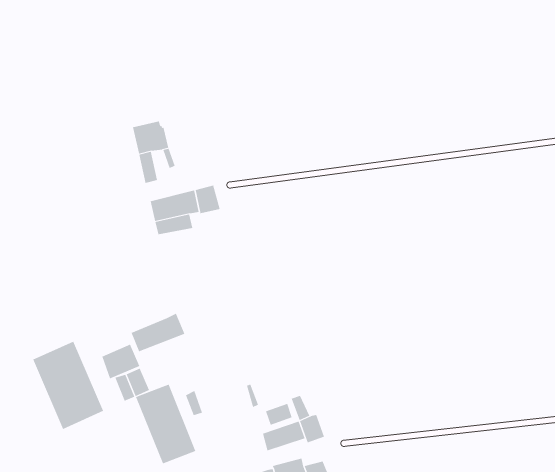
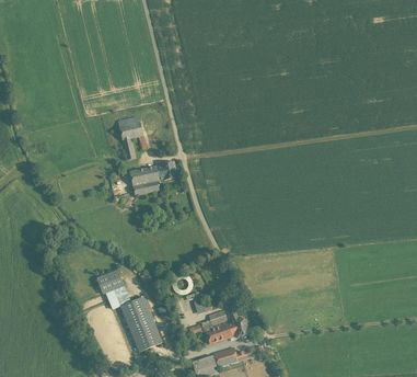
building: [131,313,185,352] -> none
building: [32,341,104,430] -> none

